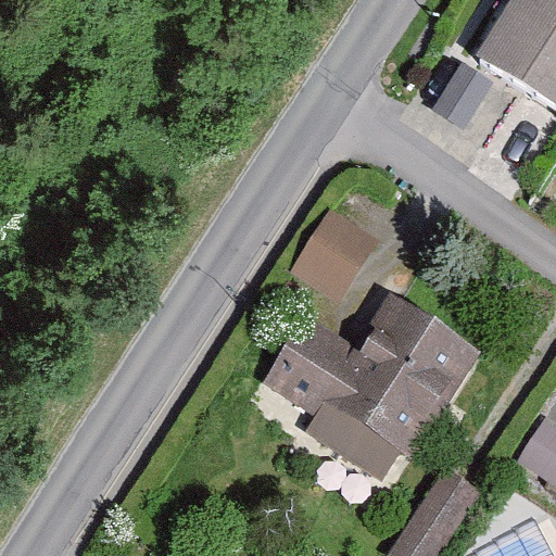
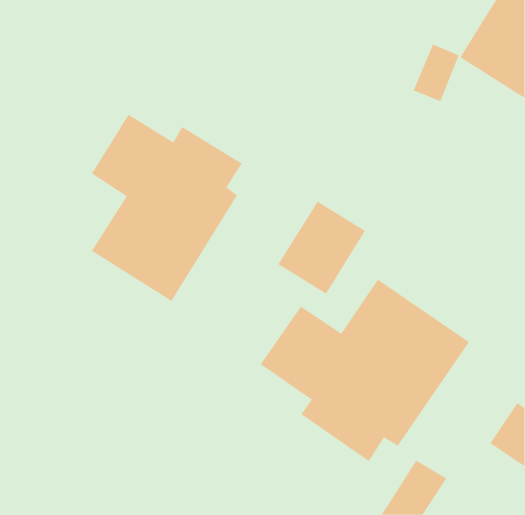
building: none -> [91,114,243,302]

